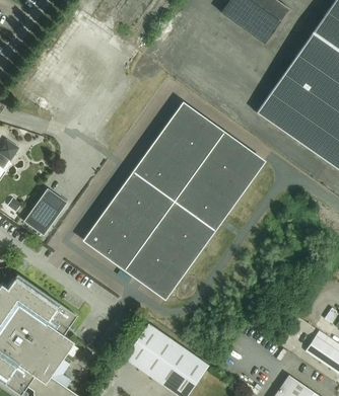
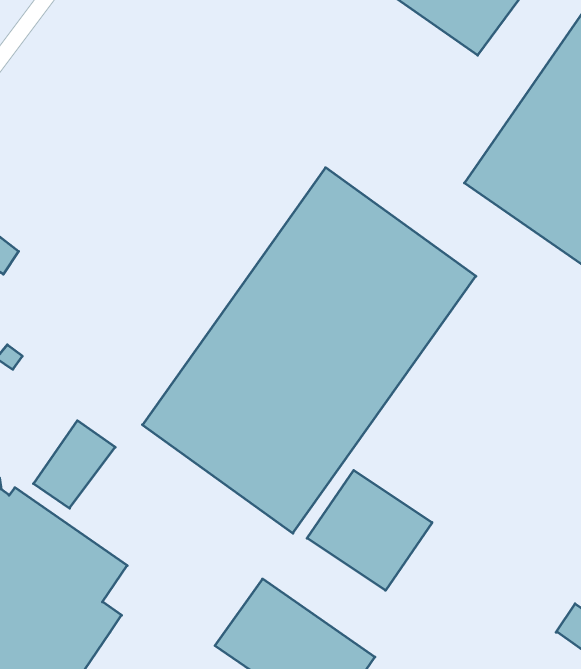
building: [23,188,67,235] -> [33,421,115,508]
building: none -> [307,470,432,590]

